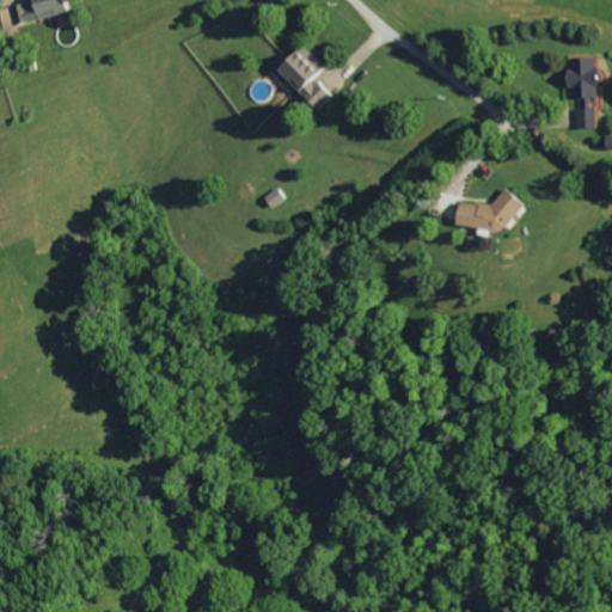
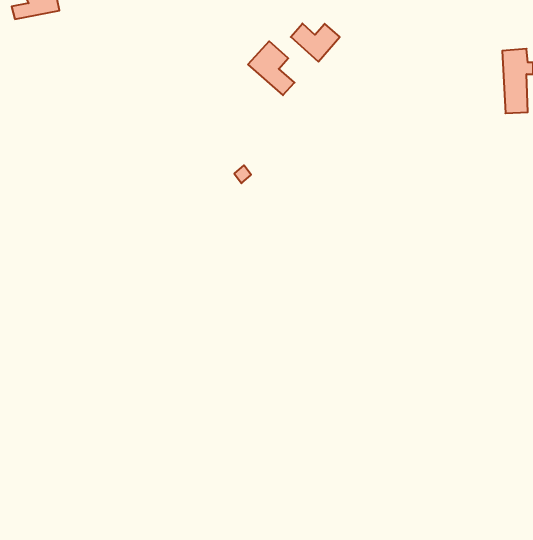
building: none -> [291,23,340,62]
building: [454,192,519,232] -> none

